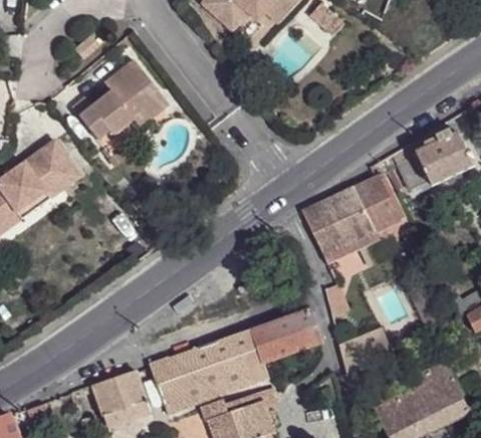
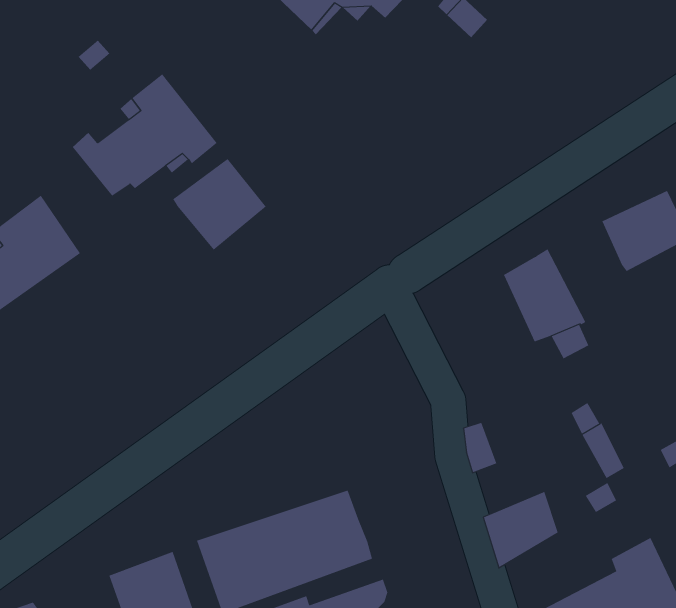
building: none -> [173,158,266,250]
building: [393,154,430,195] -> none
building: [304,189,378,265] -> none
building: [251,307,323,364] -> none

